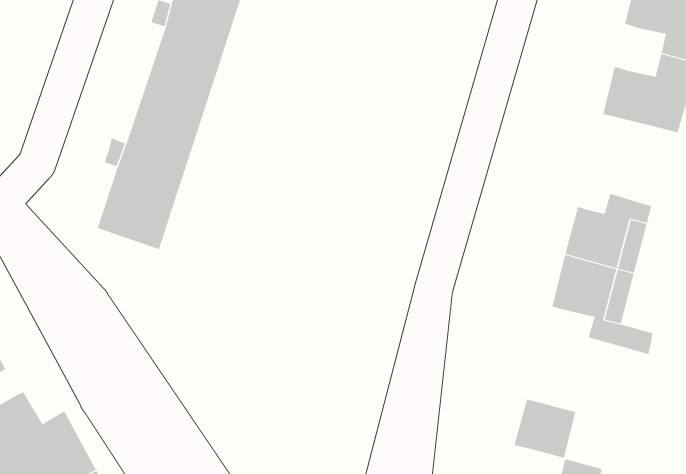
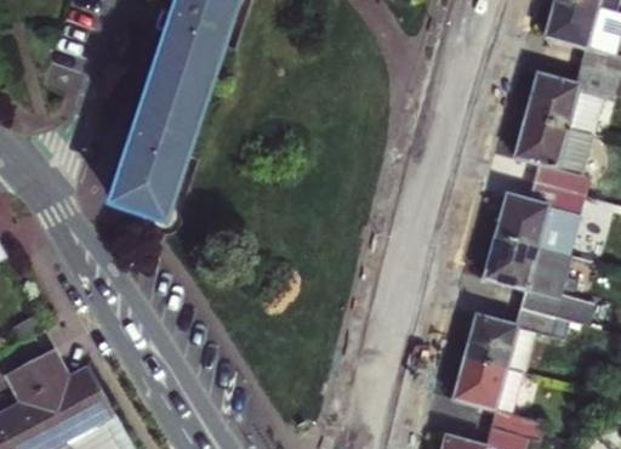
building: none -> [519,116,577,193]
building: none -> [468,302,570,368]

